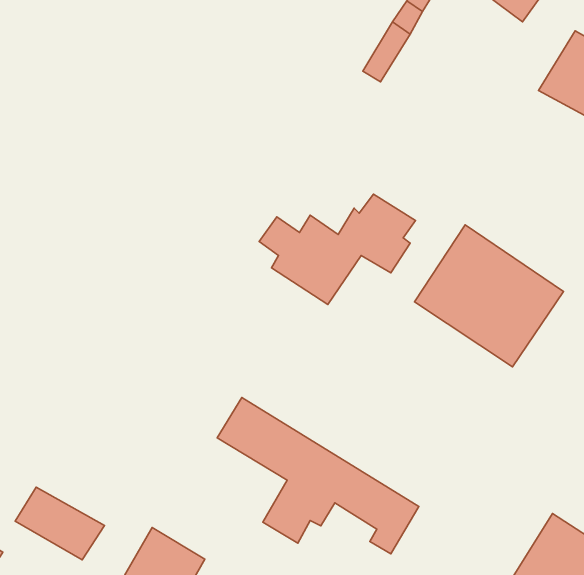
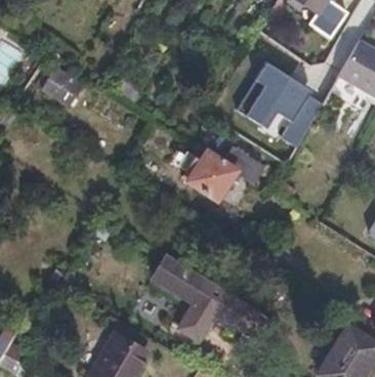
building: none -> [40,67,81,106]
building: [414,225,564,367] -> [237,64,324,146]
building: [15,487,105,560] -> none

